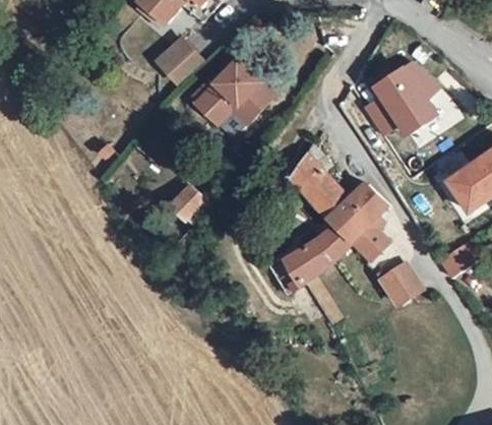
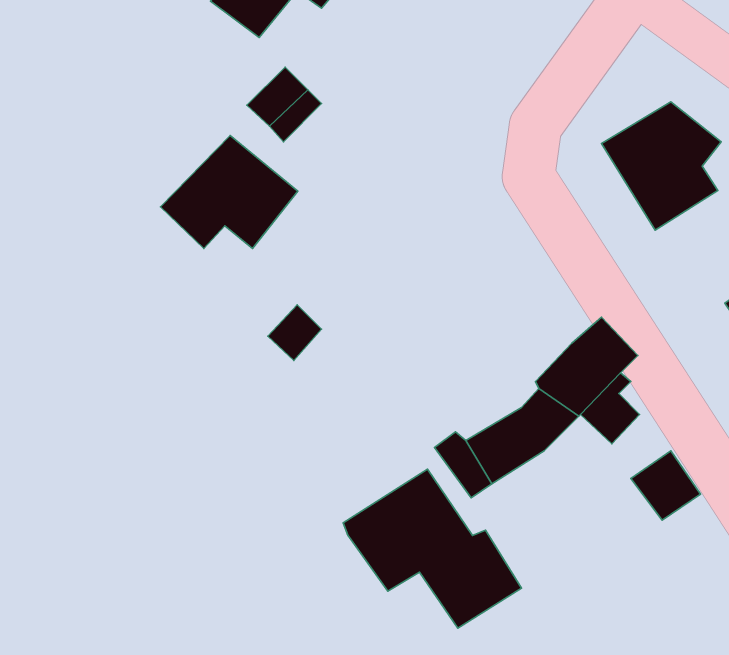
building: [190,60,270,126] -> [161,136,298,248]
building: [291,145,350,225] -> none
building: none -> [343,469,521,628]

